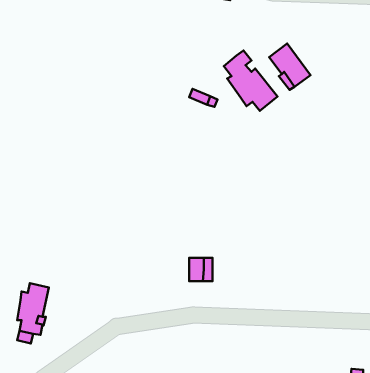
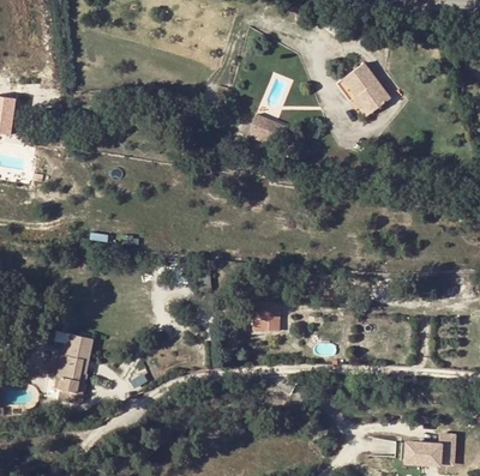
building: [224,51,278,111] -> none

